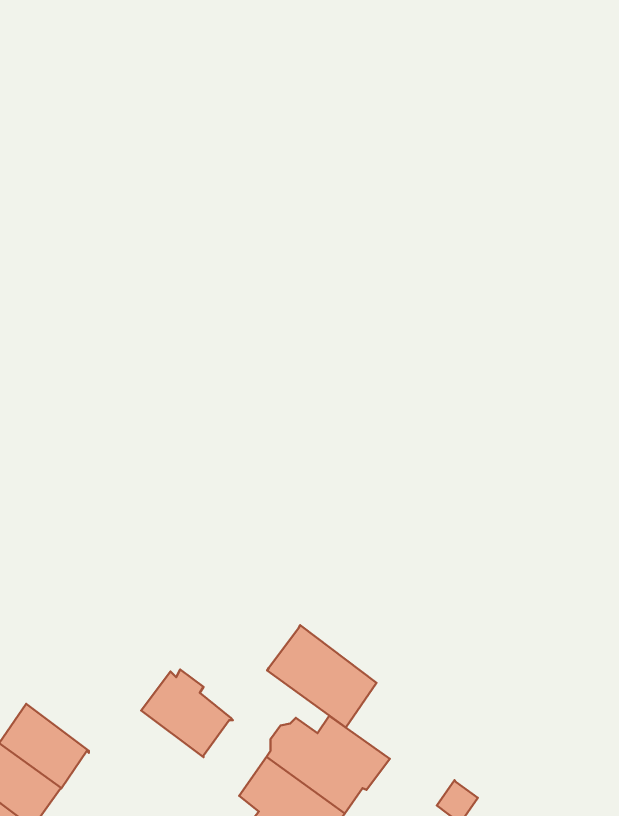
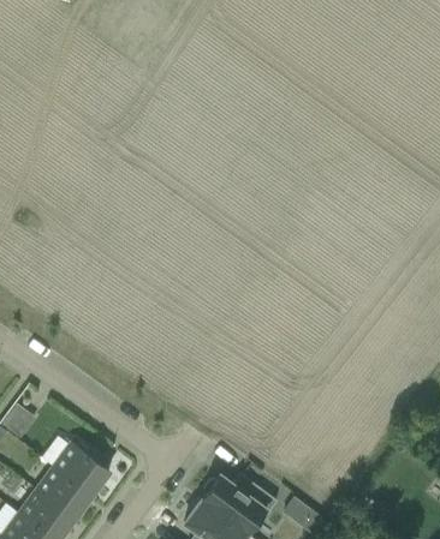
building: [267,625,376,728] -> none
building: [141,669,233,757] -> [52,443,108,497]

